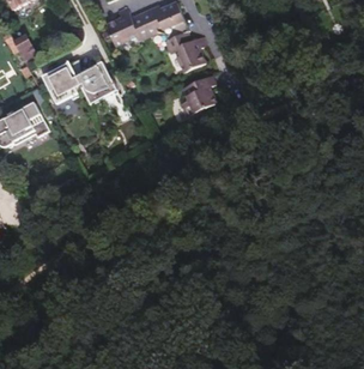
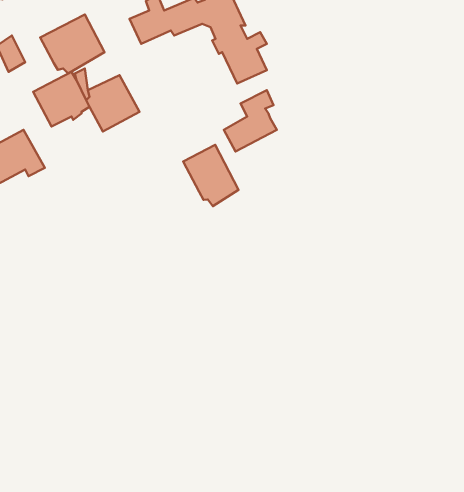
building: none -> [40,14,105,74]
building: none -> [183,145,239,206]

